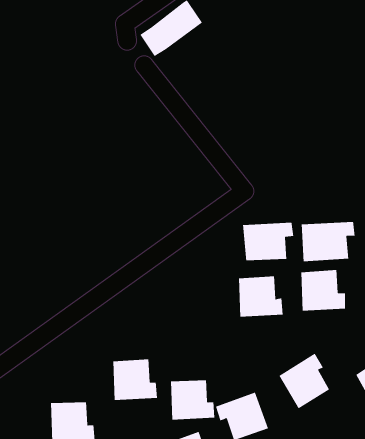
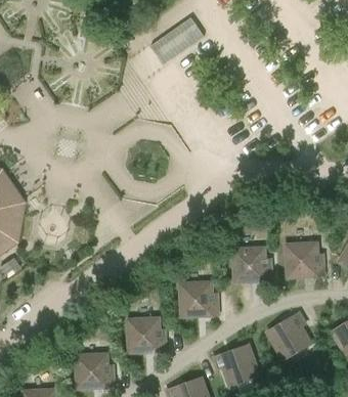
building: [301,221,355,262] -> none
building: [243,222,294,261] -> none
building: [170,380,215,420] -> [180,281,218,315]

